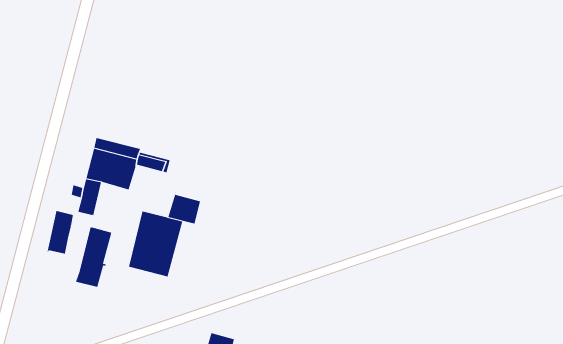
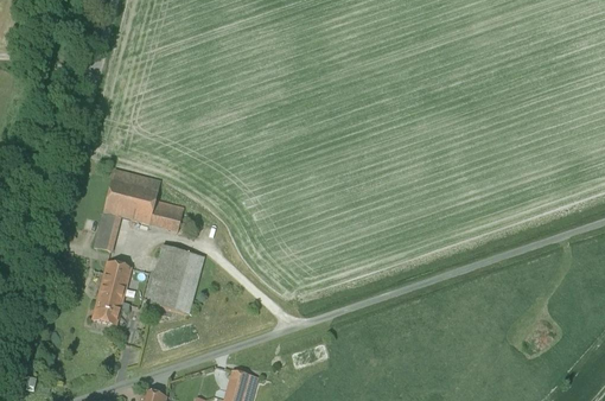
building: [168,194,201,224] -> [148,199,183,230]
building: [47,210,74,254] -> none

